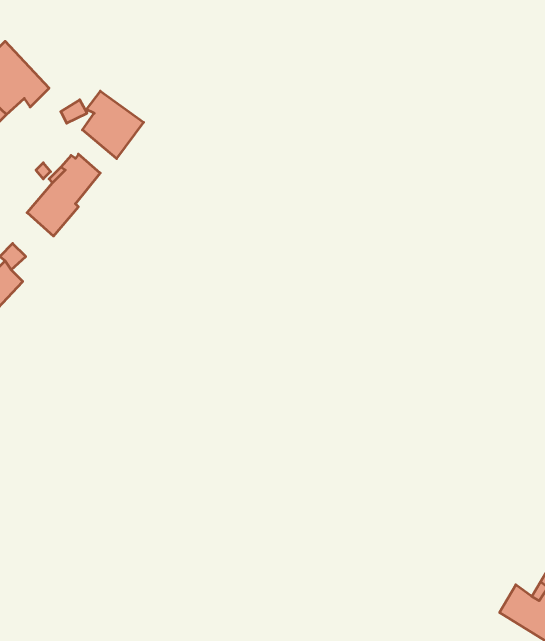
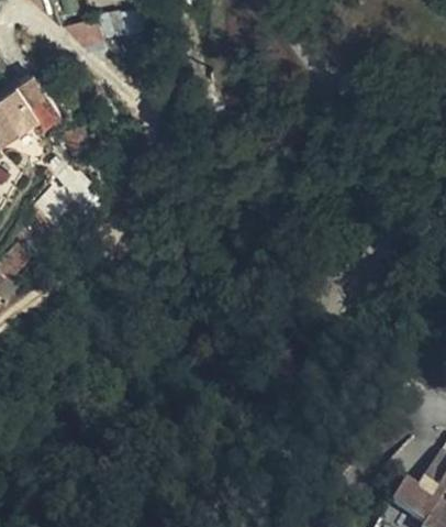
building: [82,91,144,159] -> none

